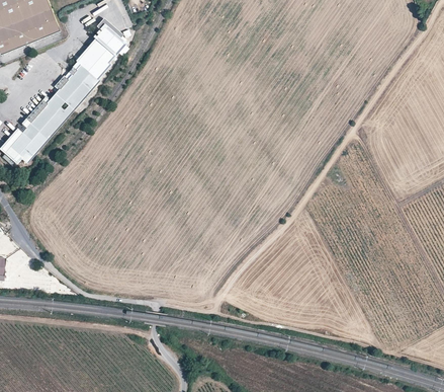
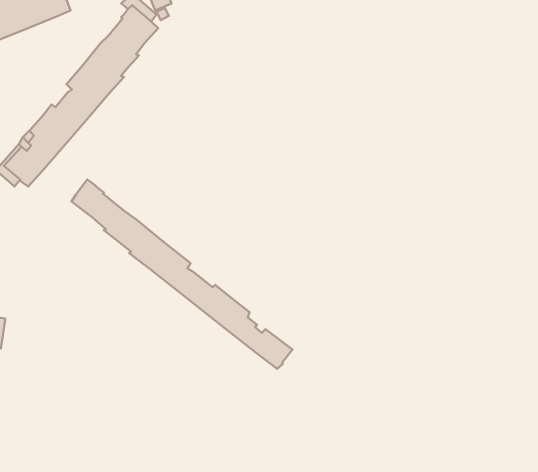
building: none -> [72,180,292,369]

